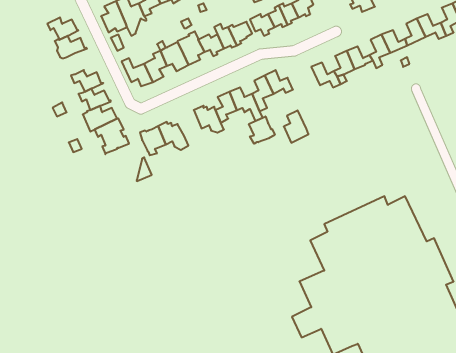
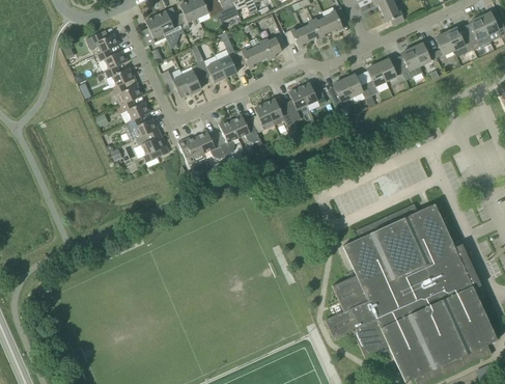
building: none -> [96,64,136,85]
building: none -> [216,119,239,154]
building: [284,110,309,143] -> [331,78,355,109]
building: [249,116,275,144] -> none

